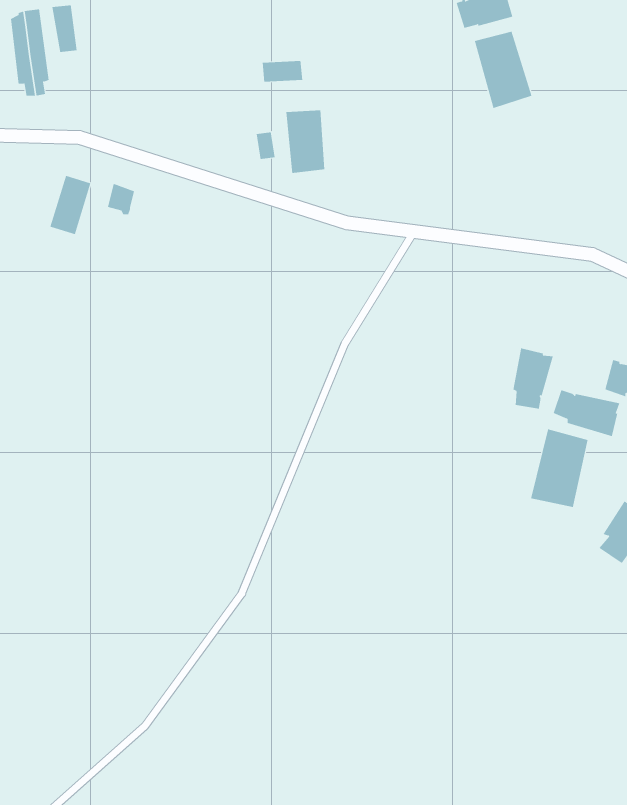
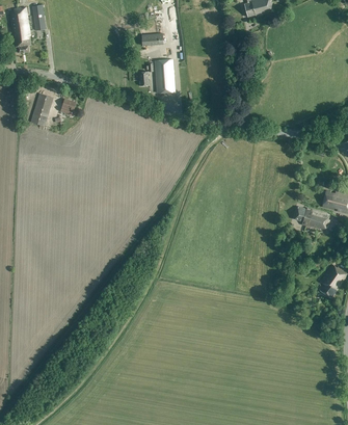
building: [474,31,532,109] -> none
building: [513,347,554,410] -> none
building: [530,429,588,508] -> none

